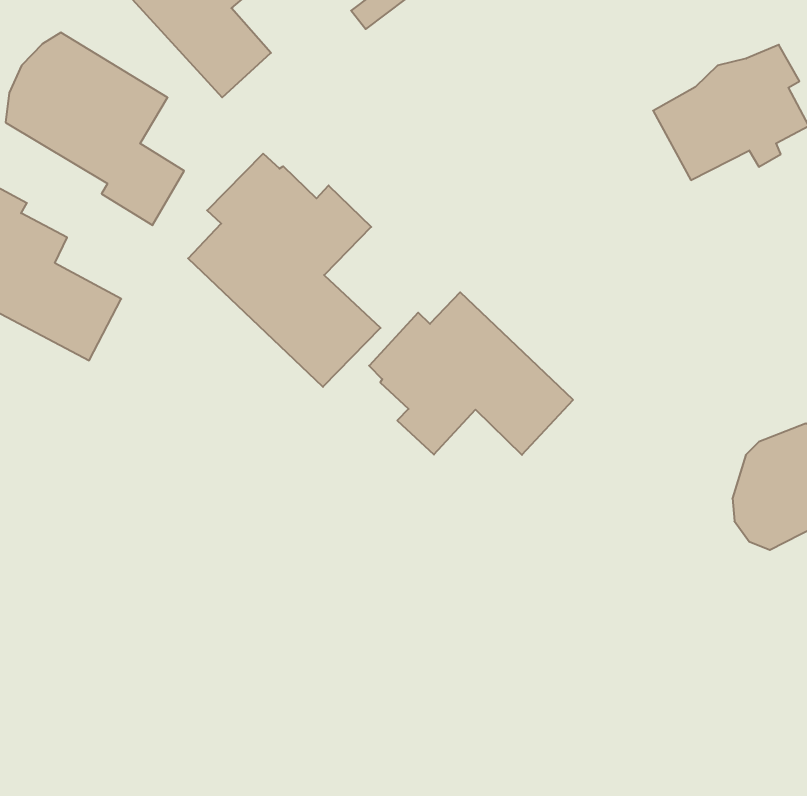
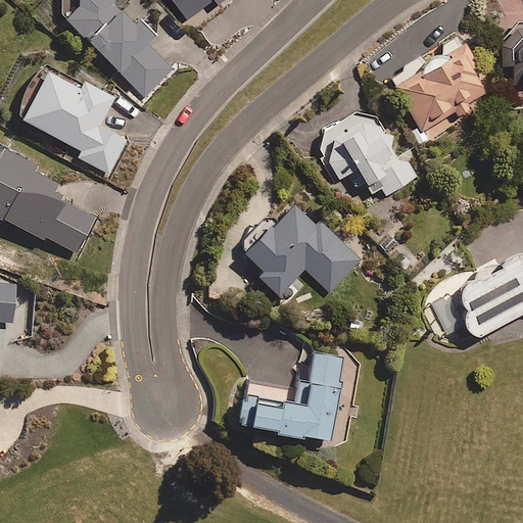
building: none -> [322,111,416,196]
building: [188,154,381,387] -> none
building: none -> [241,353,345,442]

